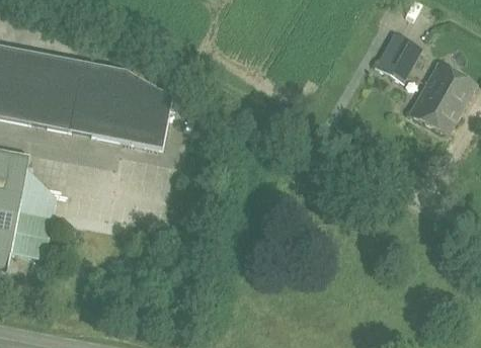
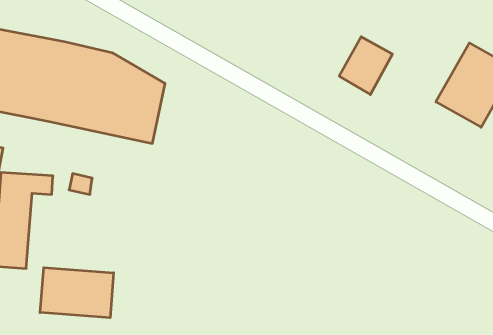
building: [375,31,421,82] -> [339,37,392,95]
building: none -> [40,268,114,318]

